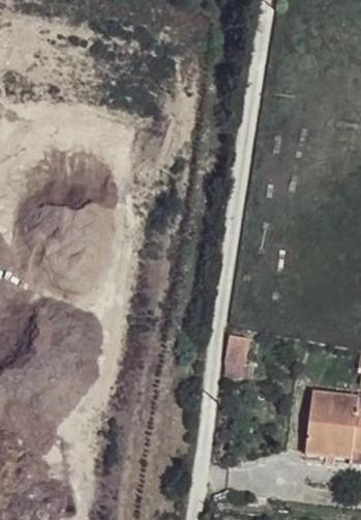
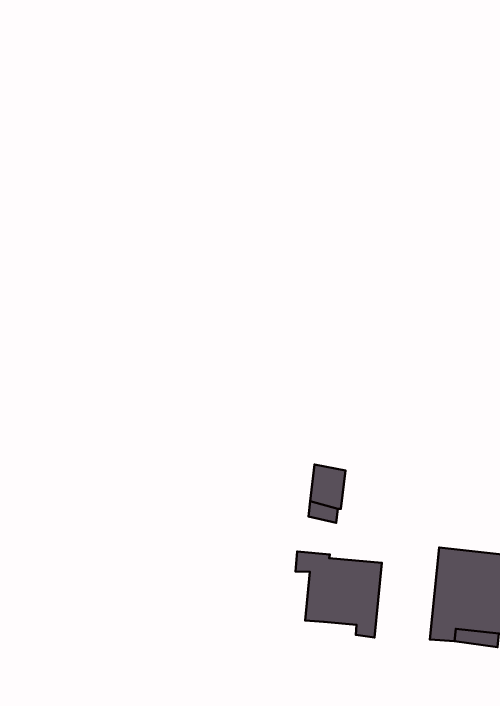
building: none -> [296,551,382,637]

